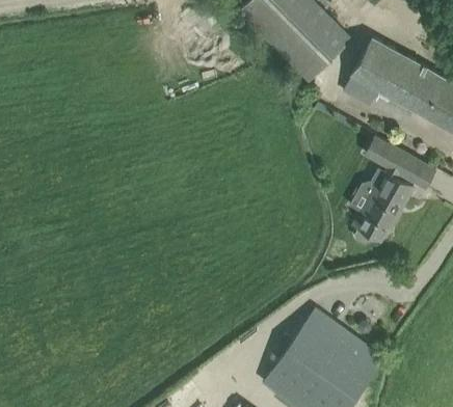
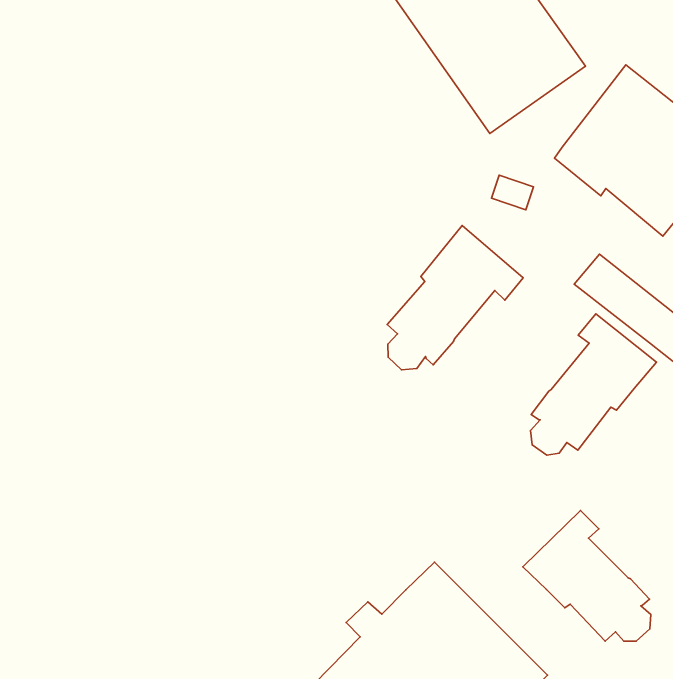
building: none -> [387,225,523,370]
building: none -> [523,511,651,641]

